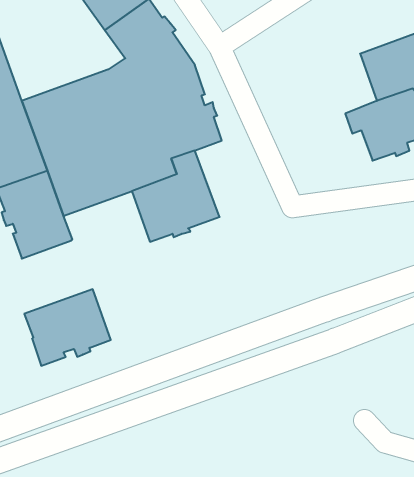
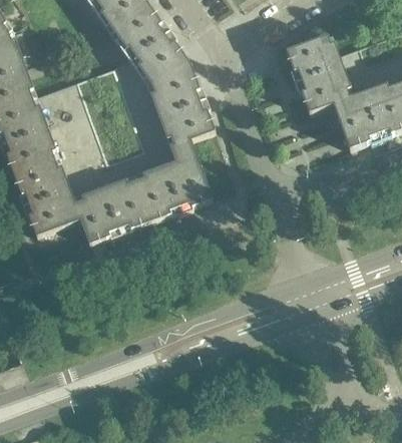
building: none -> [285,35,352,114]
building: [24,289,111,366] -> [72,176,149,245]

